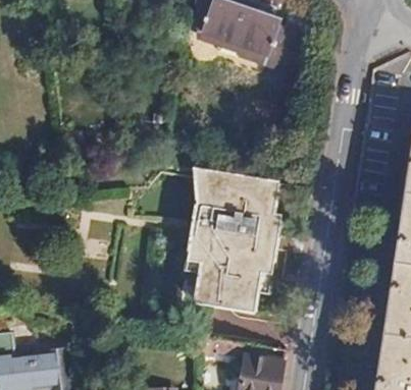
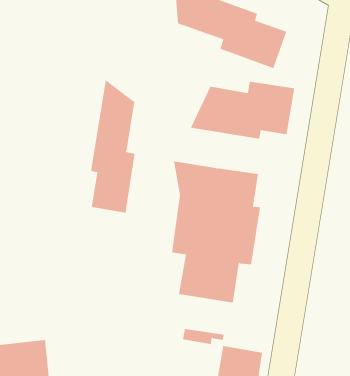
building: none -> [91,79,135,213]
building: none -> [190,81,295,140]

